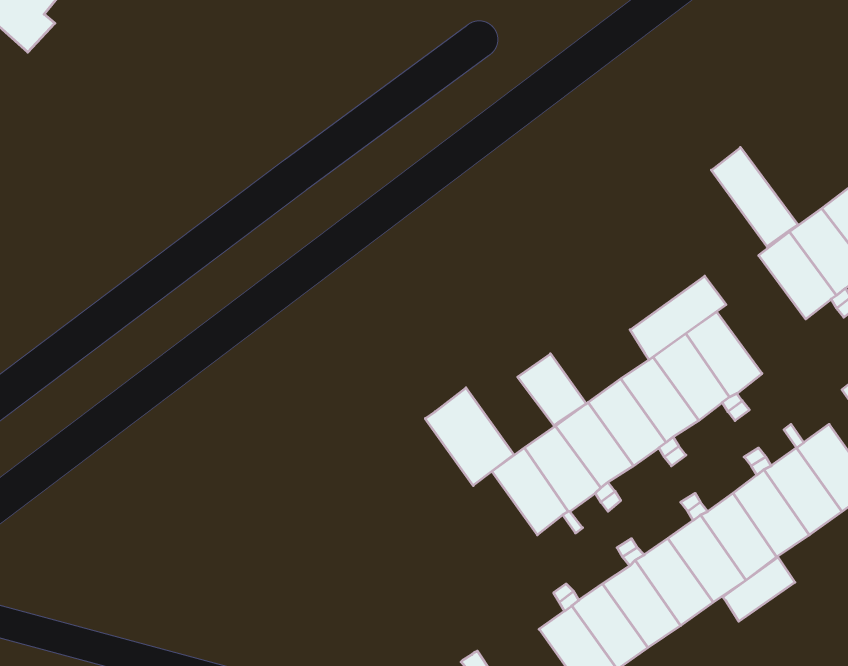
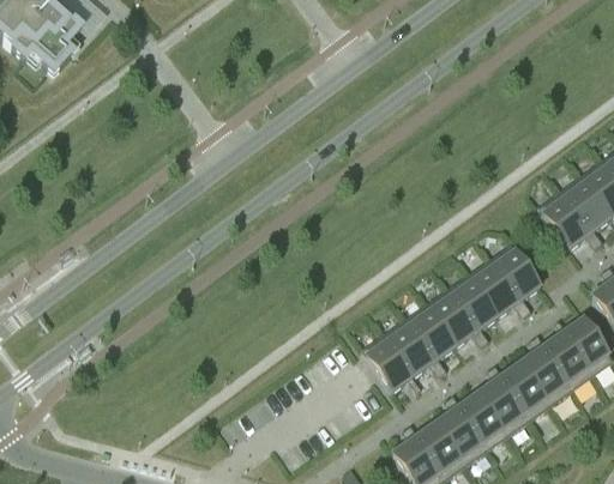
building: [711,147,798,247] -> none
building: [630,276,726,360] -> none
building: [518,354,586,426] -> none
building: [425,388,514,486] -> none
building: [723,557,795,621] -> none

